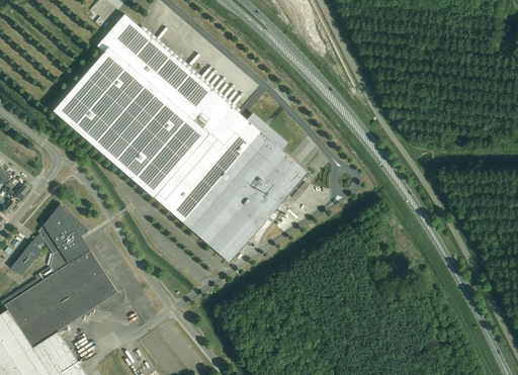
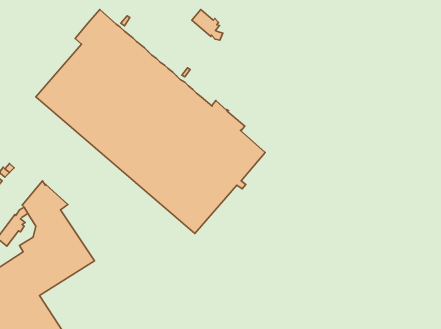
building: none -> [192,9,223,40]

